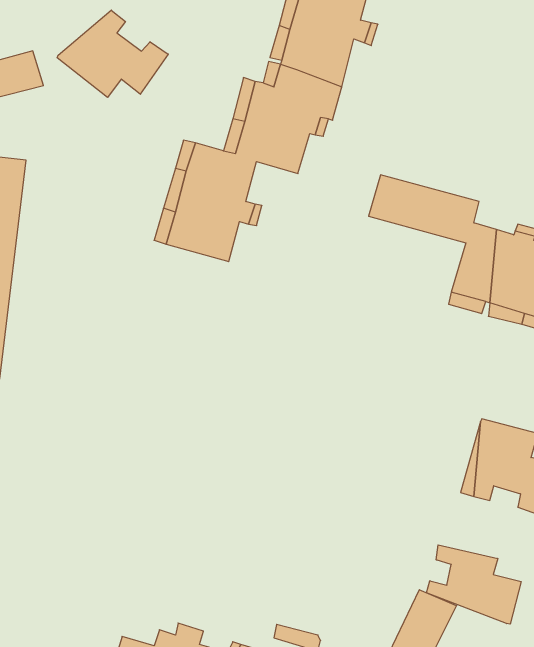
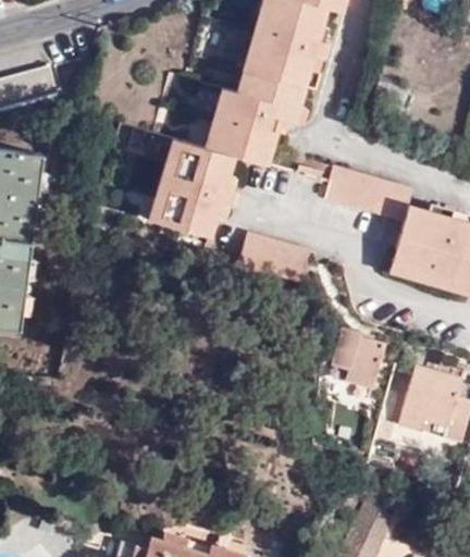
building: [57,10,168,97] -> none
building: none -> [238,233,310,284]
building: none -> [330,326,383,387]
building: [427,545,521,624] -> none

